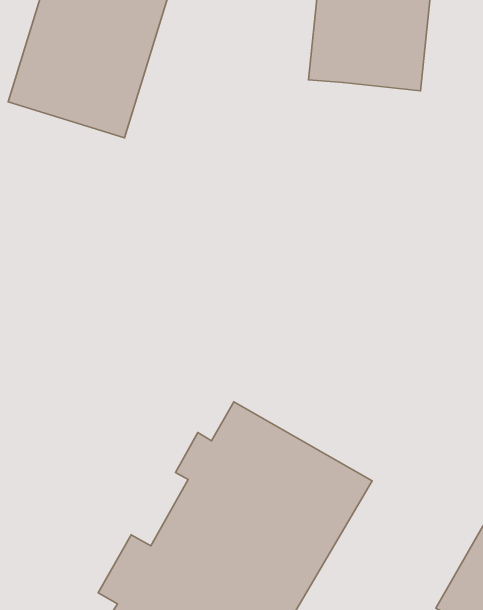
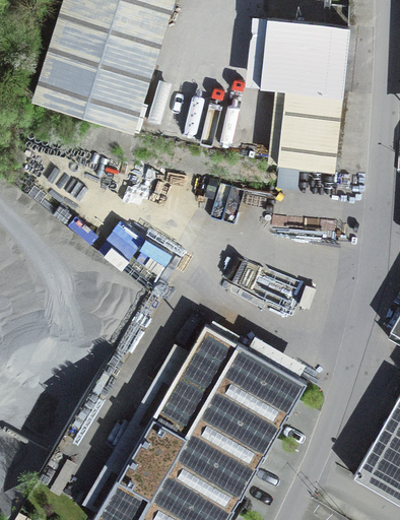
building: none -> [278,90,342,171]

